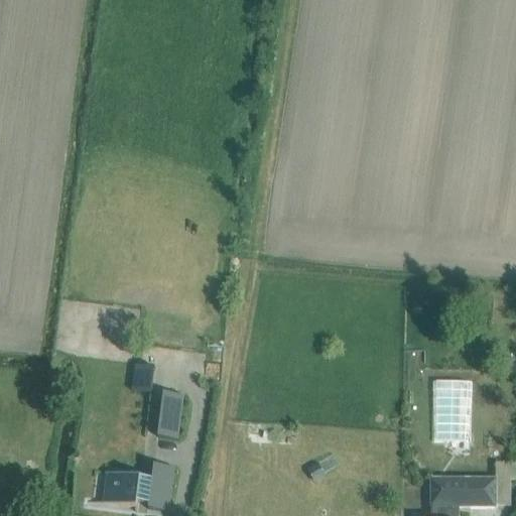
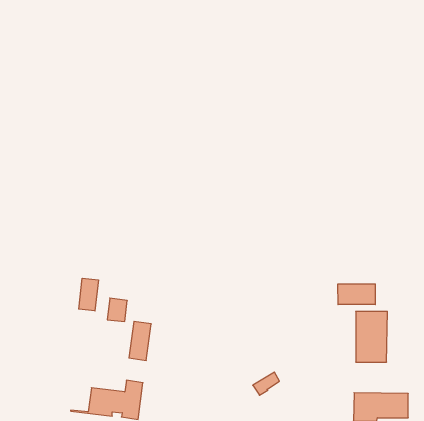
building: none -> [79,278,98,311]
building: none -> [338,284,375,305]

